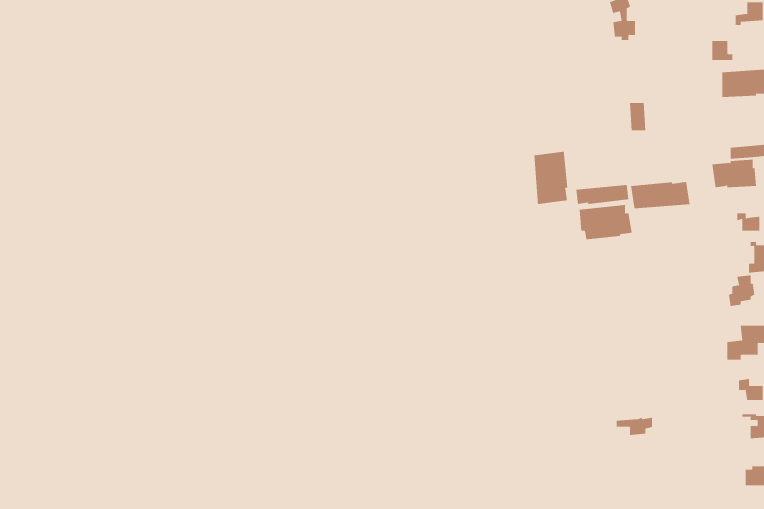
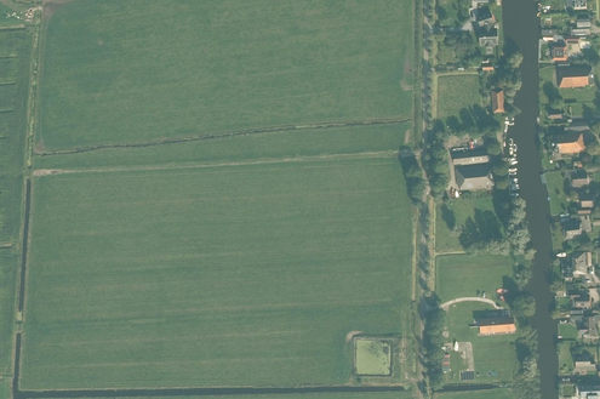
building: [534,151,568,205] -> none
building: [630,181,690,209] -> none

